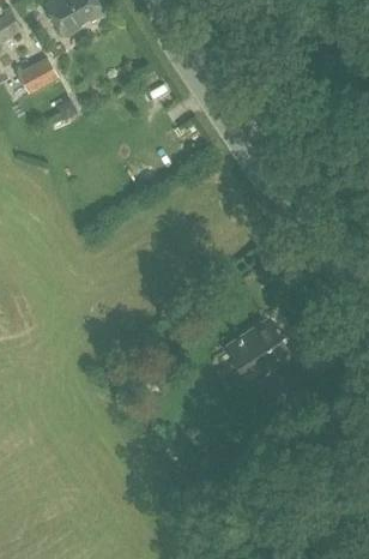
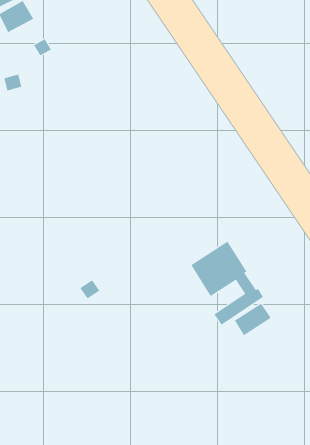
building: none -> [234,303,271,336]

